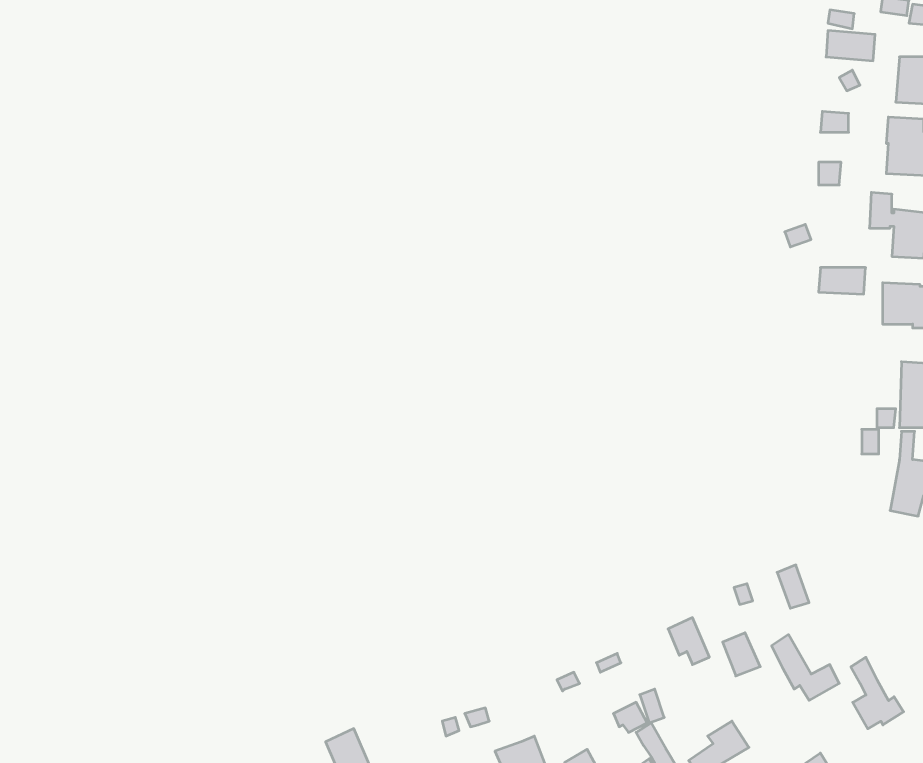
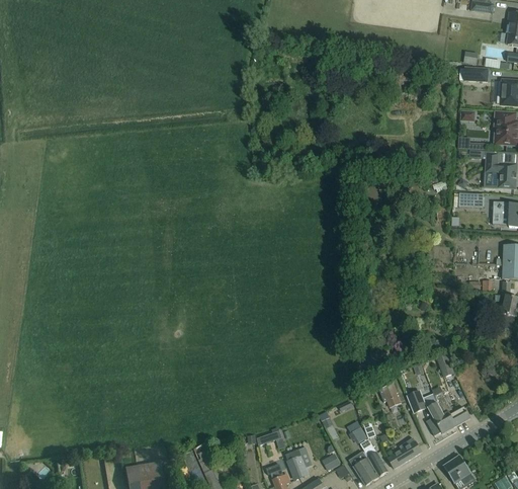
building: [851,657,904,729] -> [425,397,453,435]

